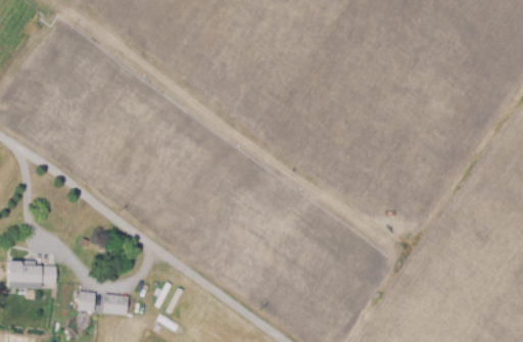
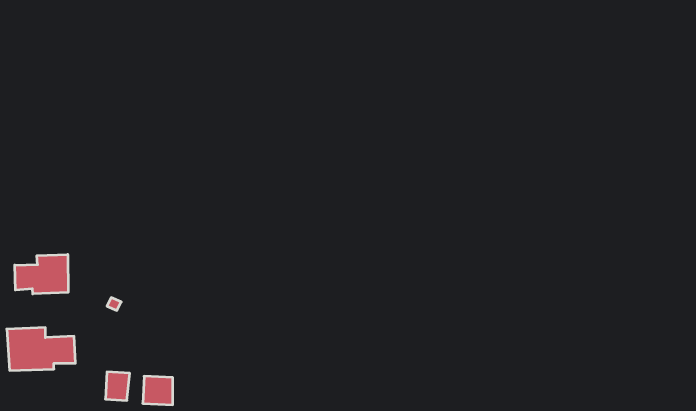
building: none -> [15,254,68,294]

